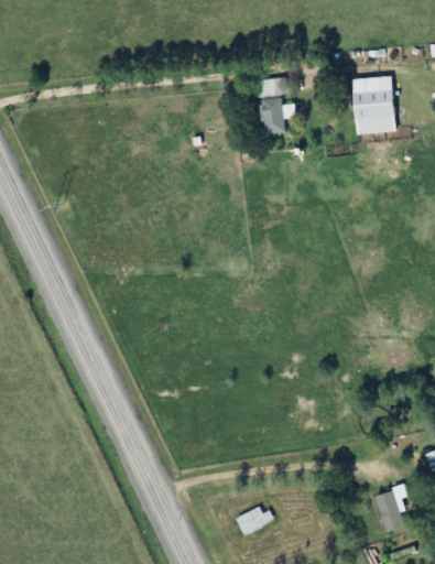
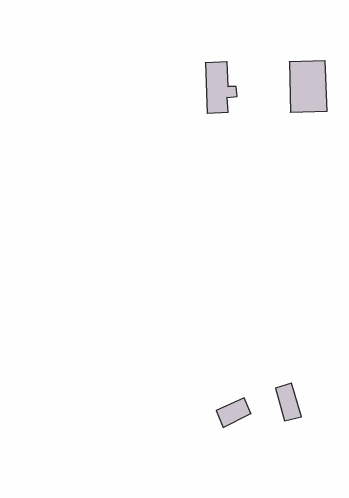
building: [376,490,404,532] -> [276,383,301,421]
building: [237,503,275,536] -> [216,398,251,427]

